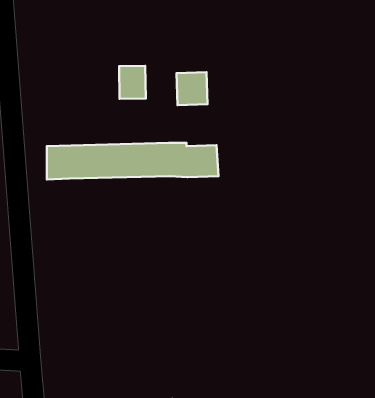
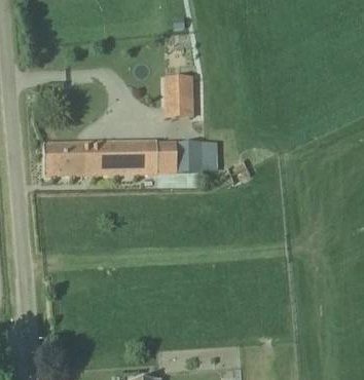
building: [119,66,146,99] -> none

